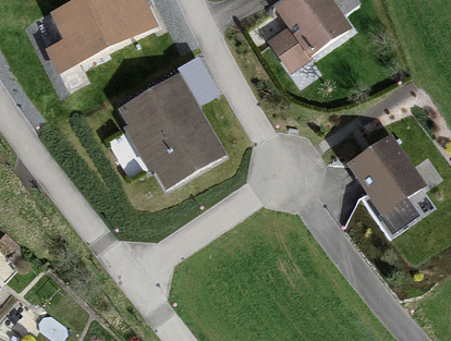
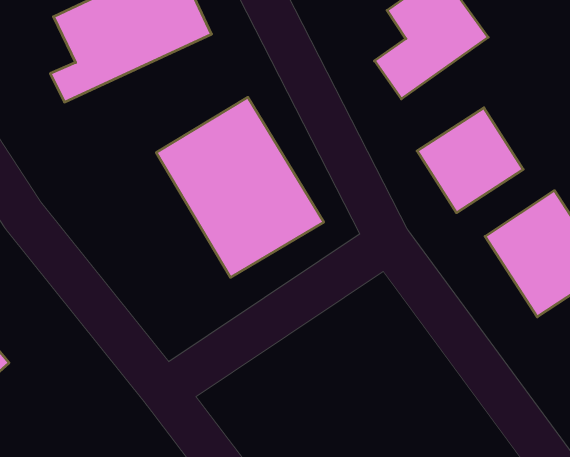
building: none -> [417,108,523,213]

